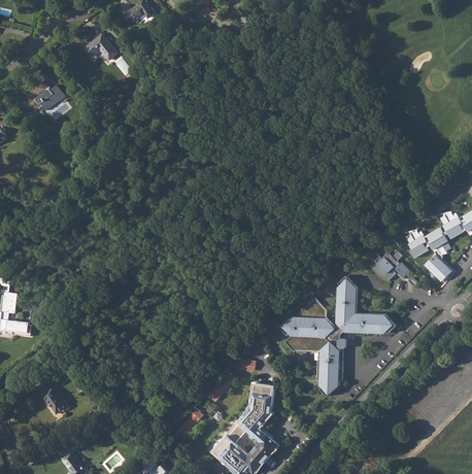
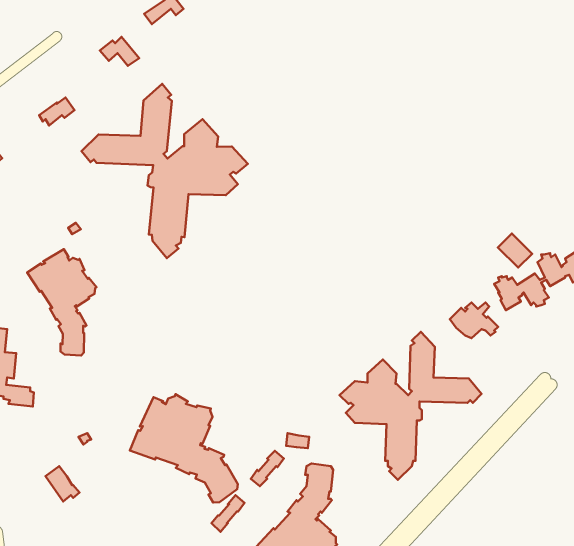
building: none -> [82,84,248,258]
building: none -> [27,249,97,355]
building: [425,253,452,281] -> [498,233,532,268]
building: none -> [130,394,238,502]

